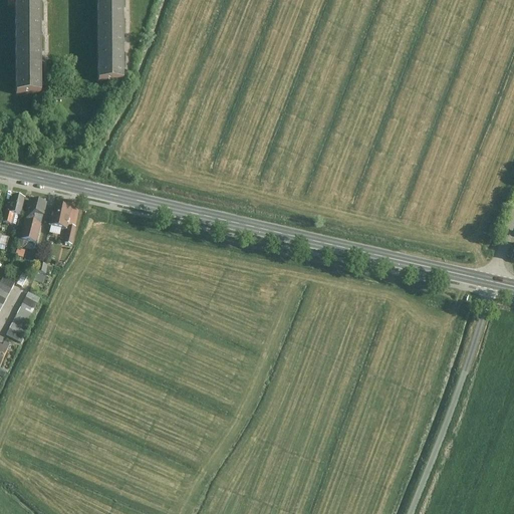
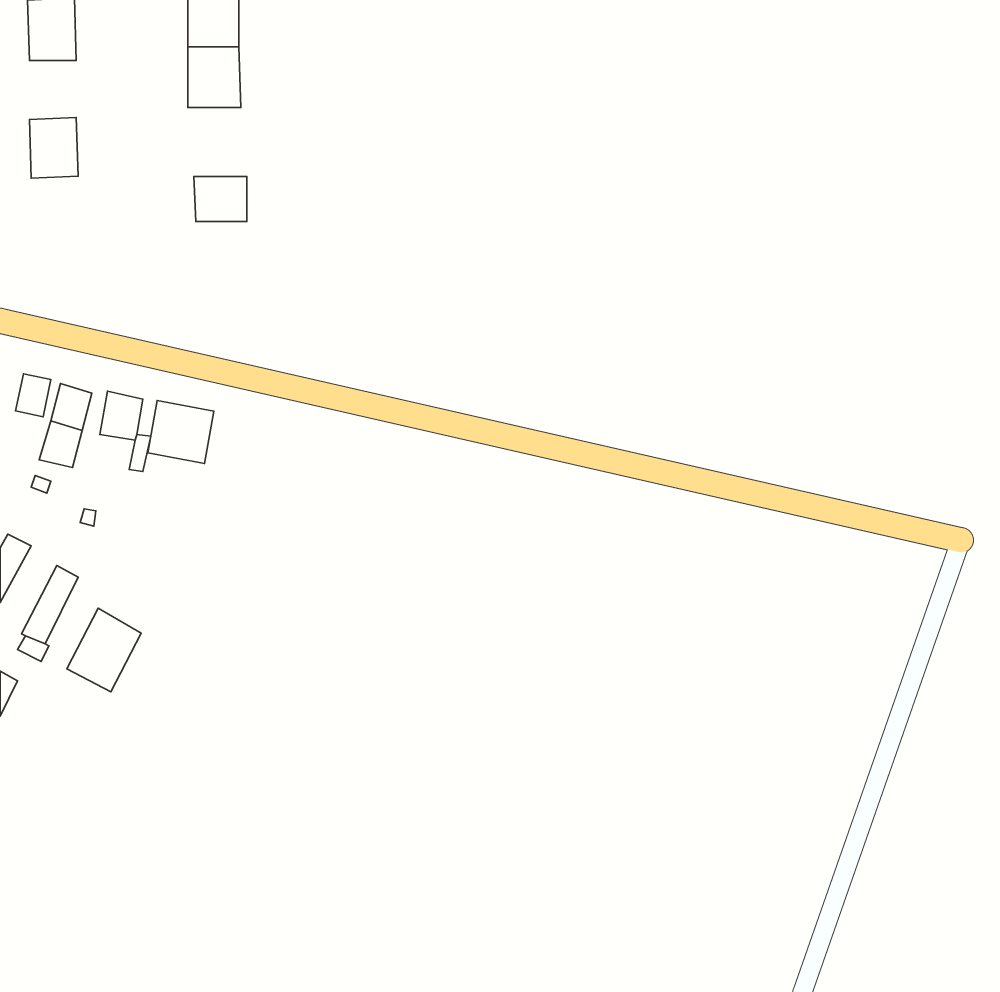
building: [15,31,39,61] -> none
building: [96,55,123,78] -> [194,176,247,221]
building: none -> [148,401,214,463]
building: none -> [67,608,141,692]

